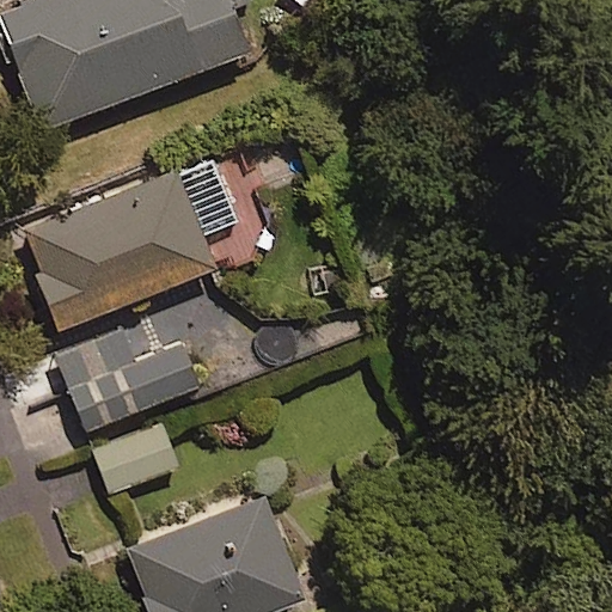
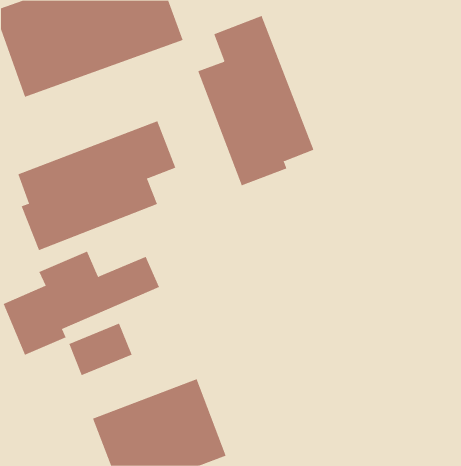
building: none -> [198,15,314,186]

